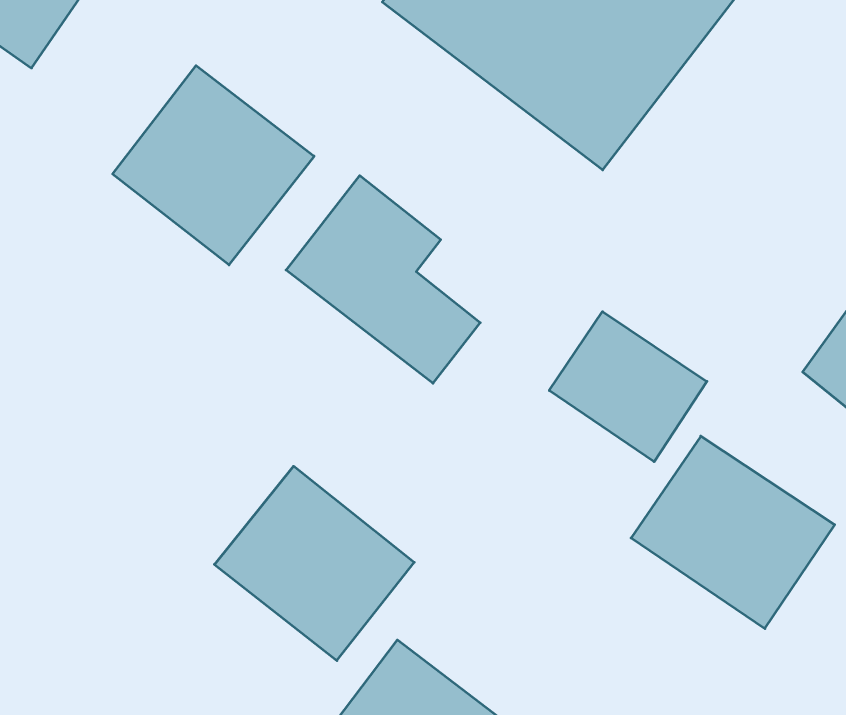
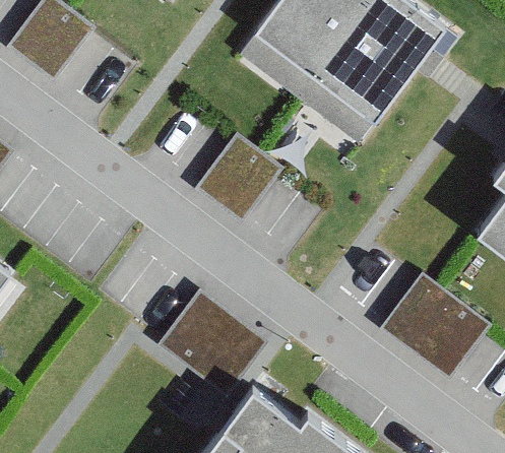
building: [113,66,314,265] -> none
building: [549,312,707,462] -> none

